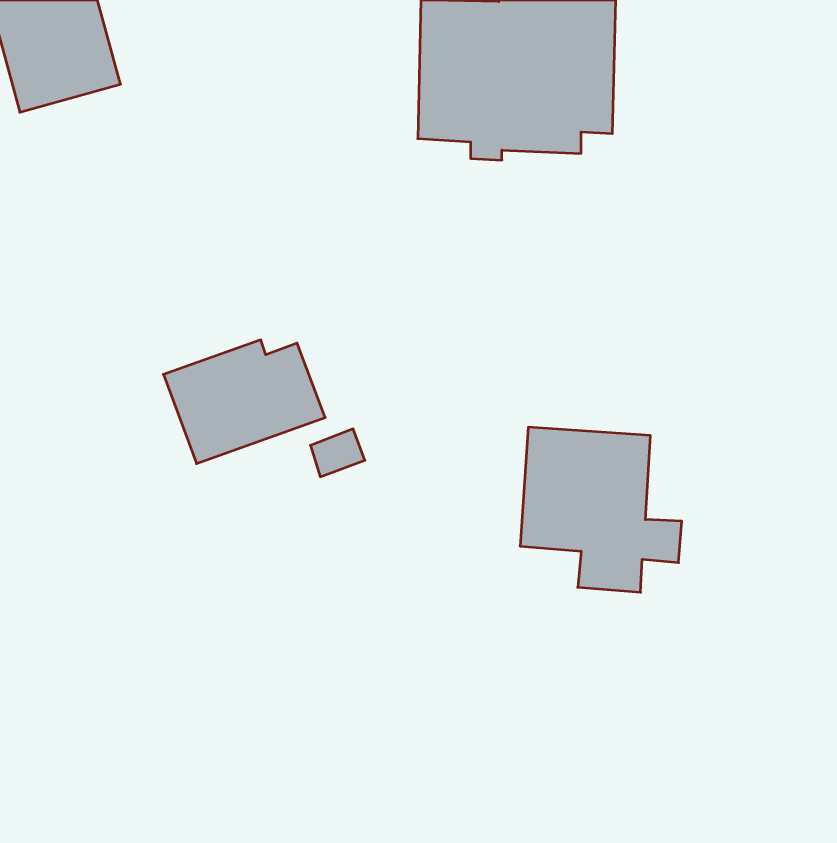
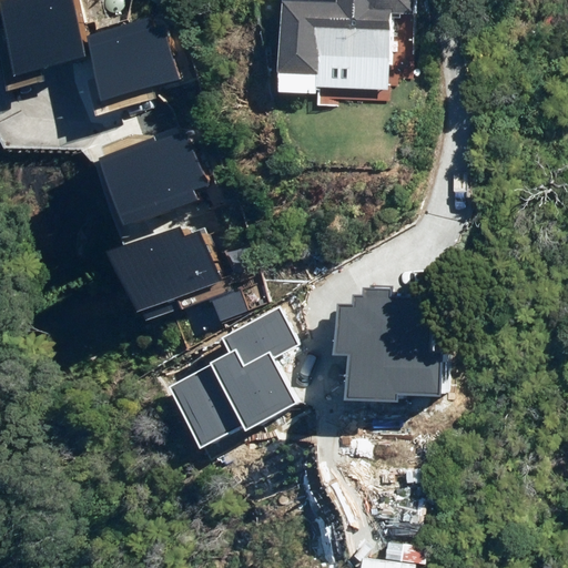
building: none -> [81,14,176,101]
building: none -> [98,132,203,226]
building: none -> [164,308,296,447]

